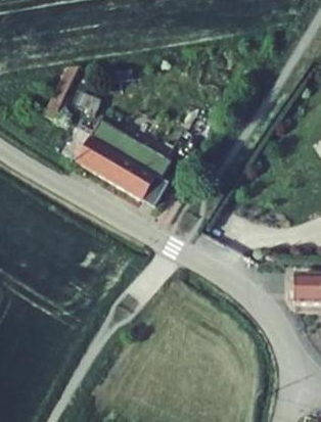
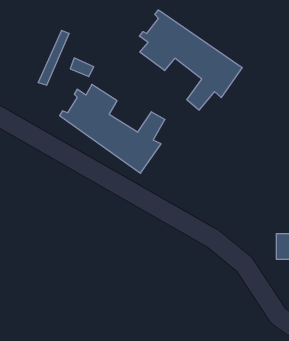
building: none -> [139,10,242,110]

